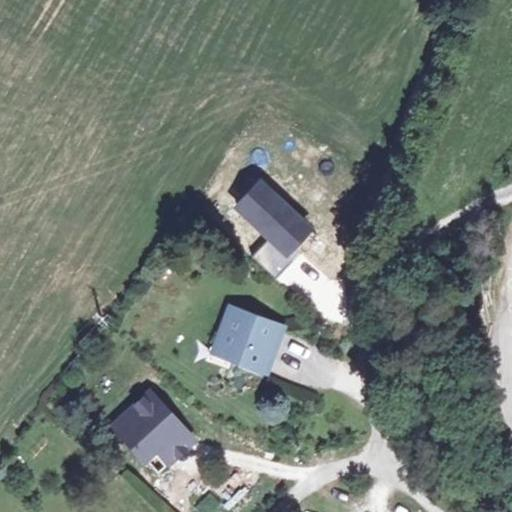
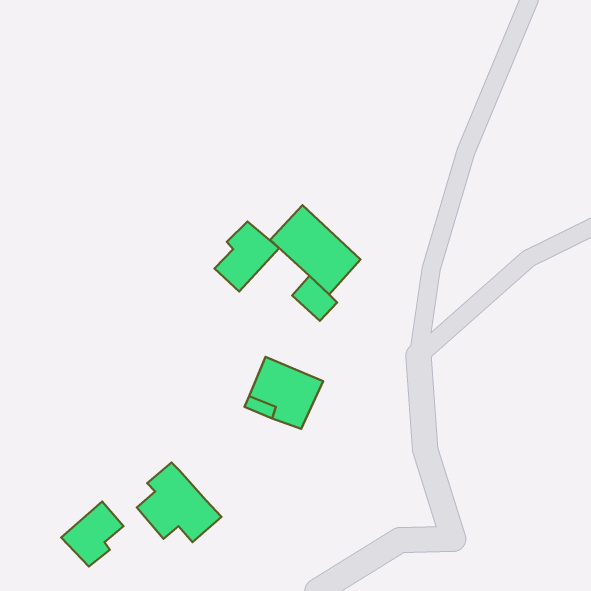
building: none -> [214,221,279,291]
building: none -> [61,501,124,566]

